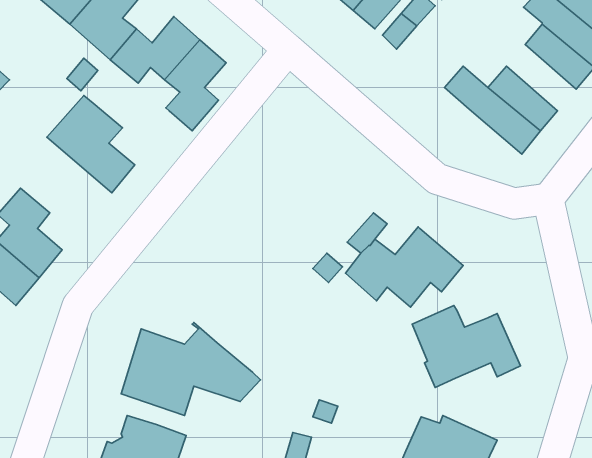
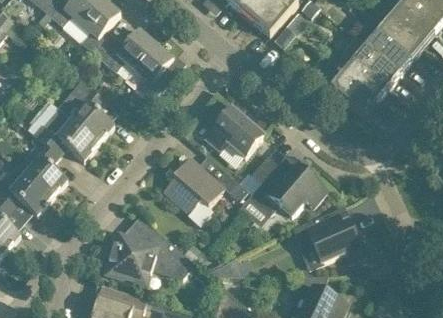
building: none -> [342,36,399,89]
building: none -> [33,106,99,160]
building: none -> [206,108,263,157]
building: none -> [163,156,225,212]

